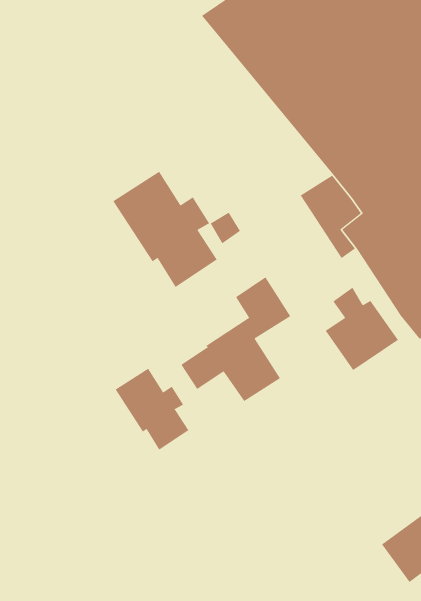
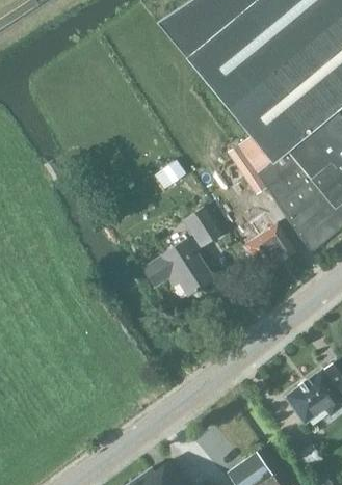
building: [113,171,218,288] -> none
building: [115,368,189,450] -> none

